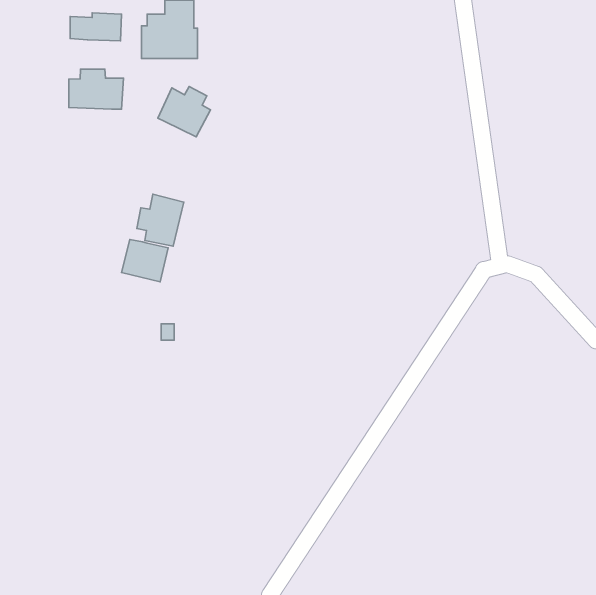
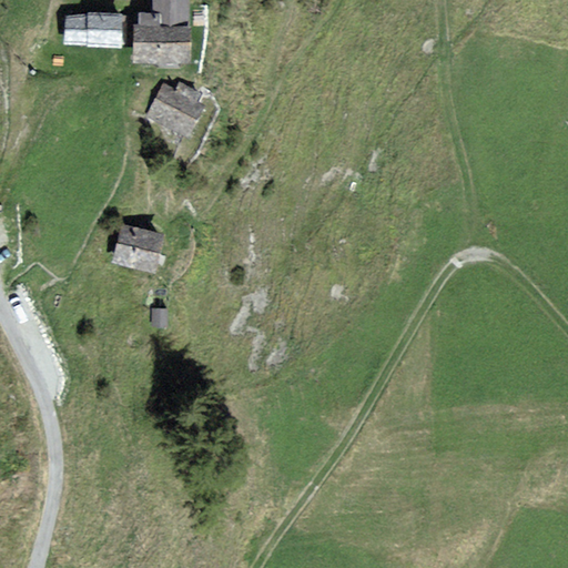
building: [69,69,123,109] -> none
building: [137,194,184,246] -> none

